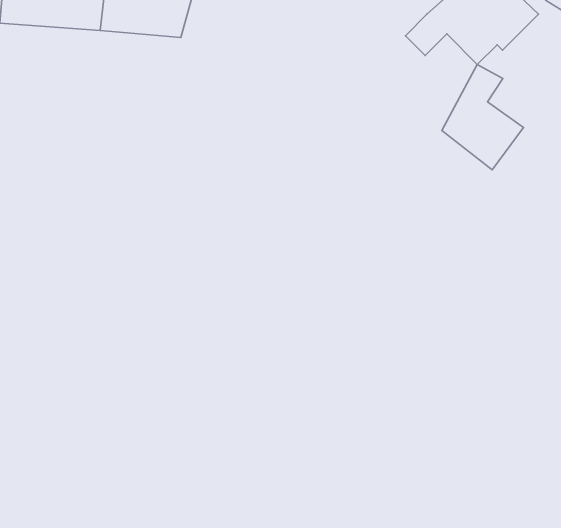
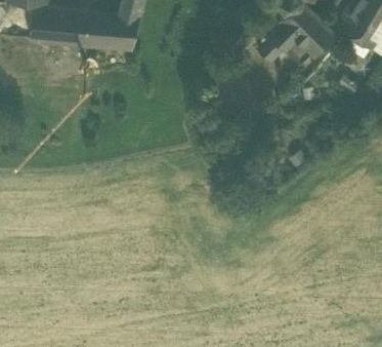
building: [442,65,523,170] -> none

